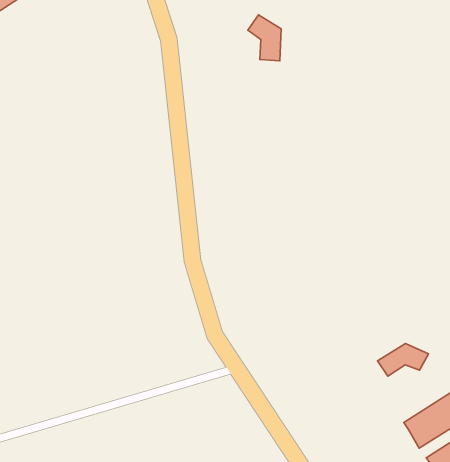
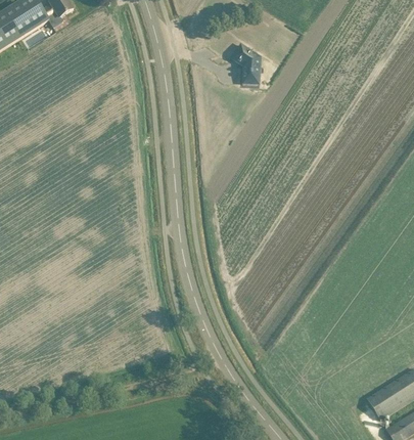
building: [378,343,428,376] -> none

